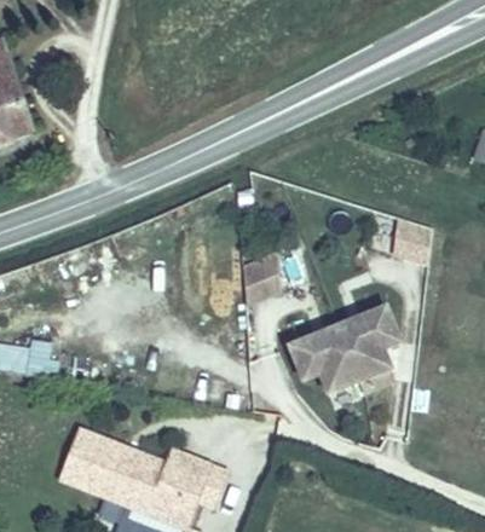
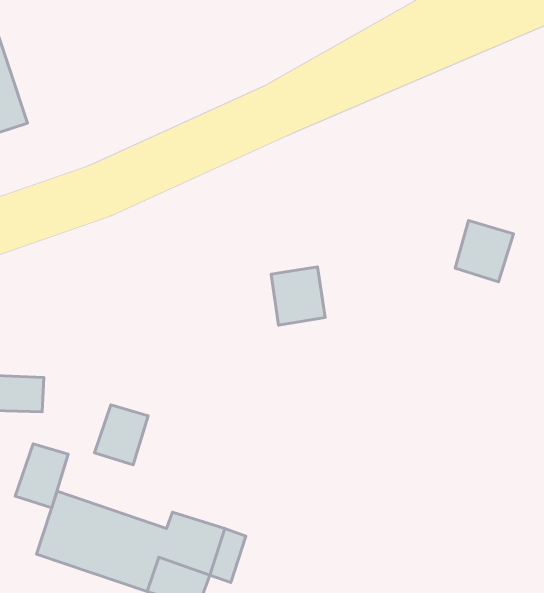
building: [283,301,392,388] -> none
building: none -> [94,405,148,465]
building: none -> [15,444,68,508]

